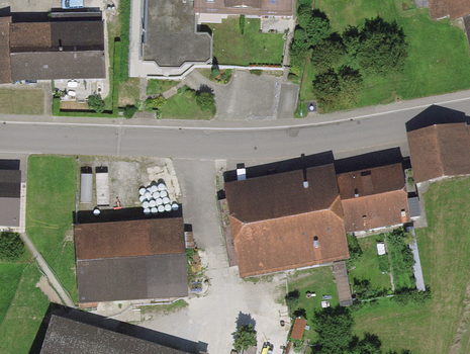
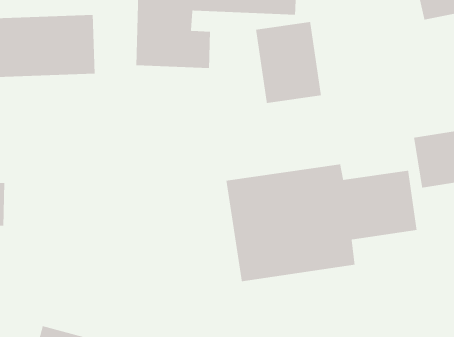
building: none -> [255,21,322,104]
building: [78,224,188,299] -> none

